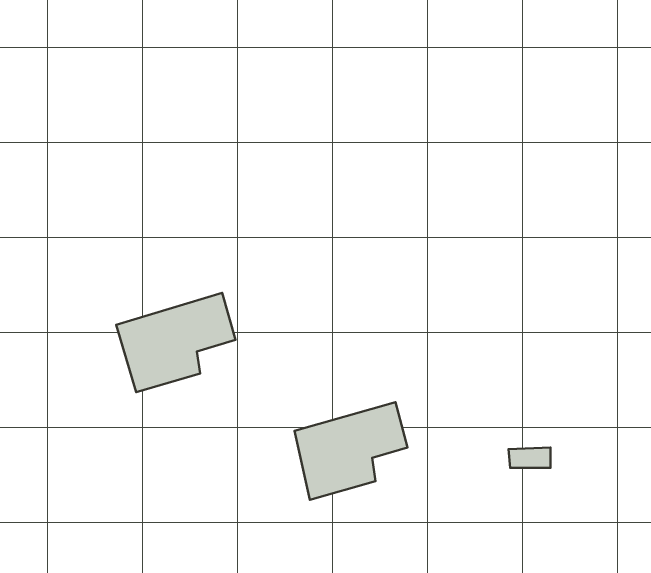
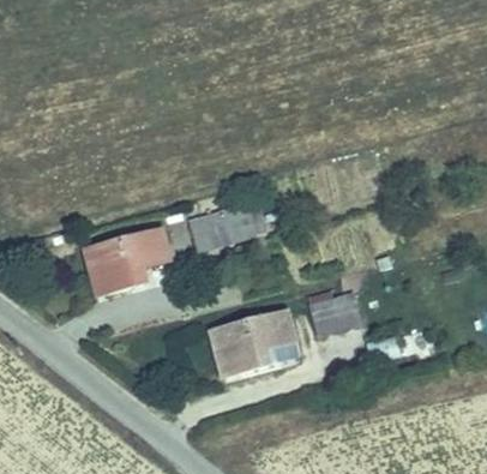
building: none -> [192,203,254,259]
building: none -> [307,294,360,341]

